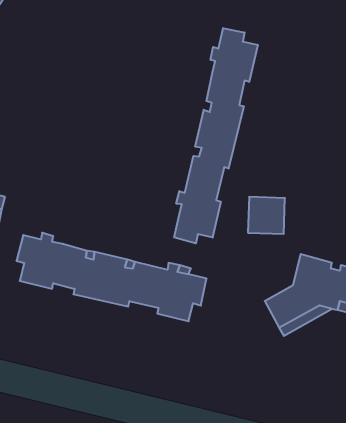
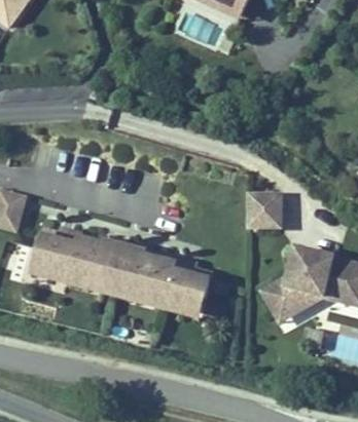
building: [174,28,258,243] -> none
building: none -> [28,254,203,316]

